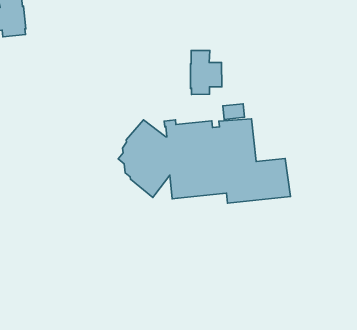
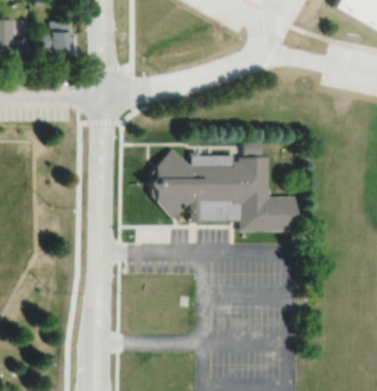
building: [190,50,222,94] -> none

